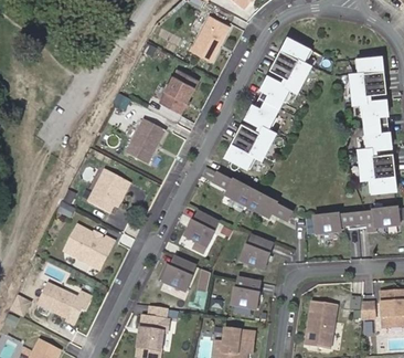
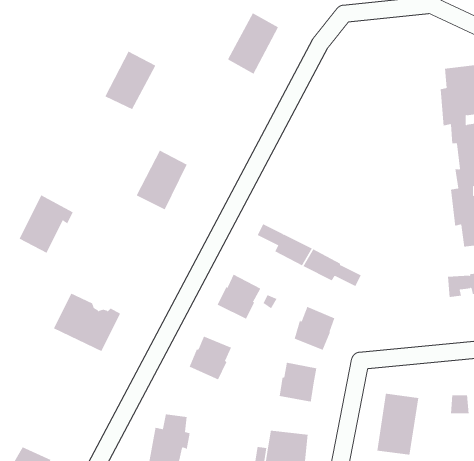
building: [226,36,311,167] -> none
building: [158,69,196,113] -> [104,51,156,110]
building: [91,171,131,215] -> [19,195,73,254]
building: [315,214,358,234] -> none
building: [35,283,88,326] -> none

